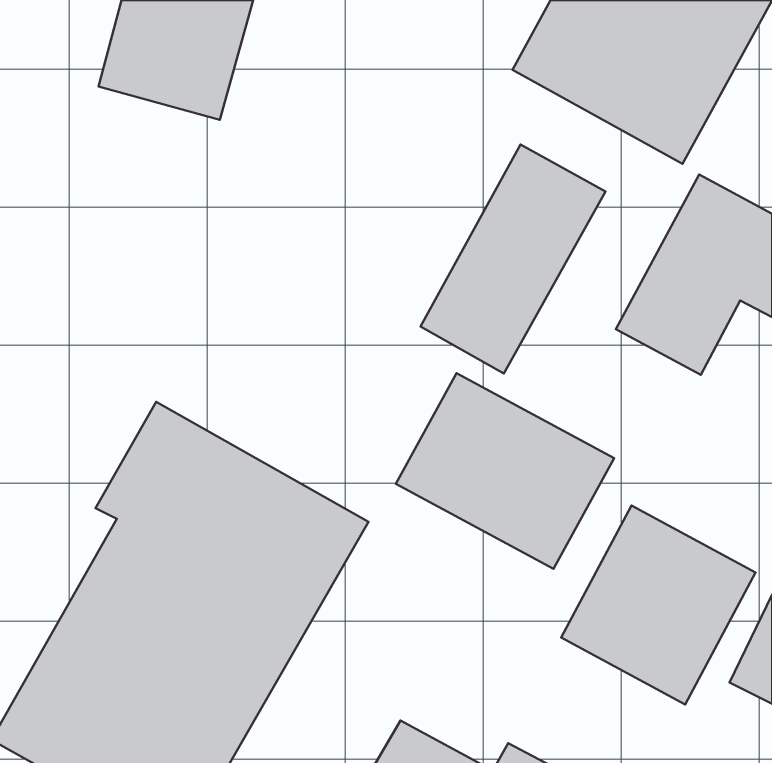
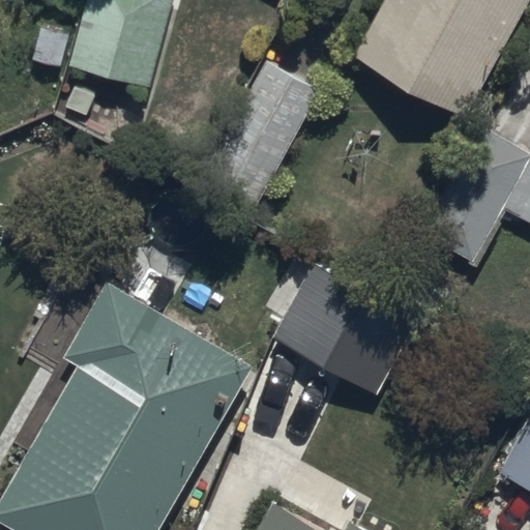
building: [420,144,606,373] -> [195,57,321,213]
building: [561,505,756,705] -> none

